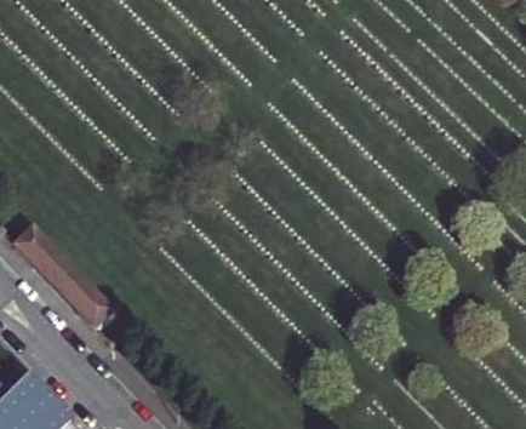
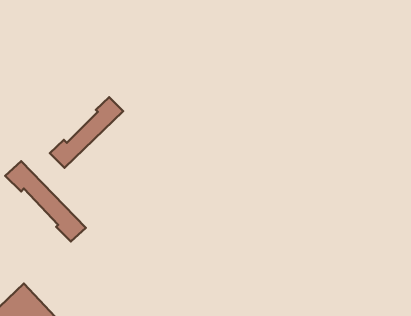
building: none -> [50,97,123,168]

